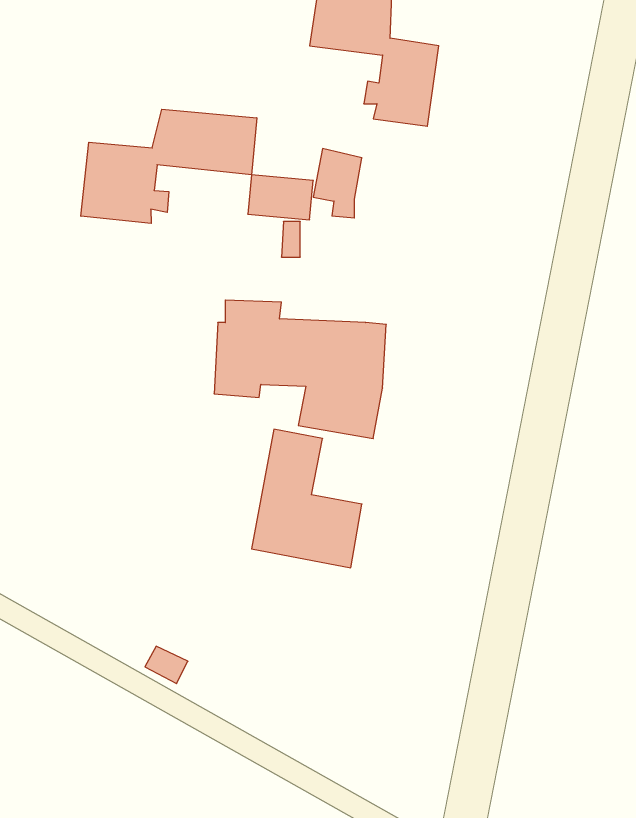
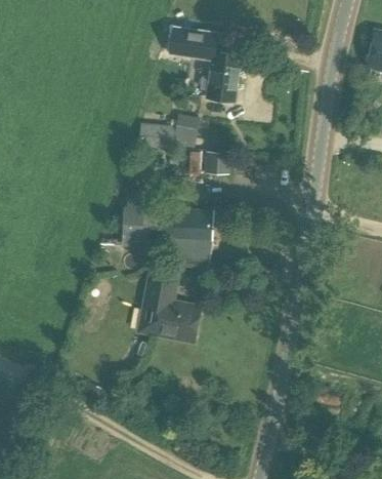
building: [81,109,257,223] -> none
building: none -> [204,152,228,174]

